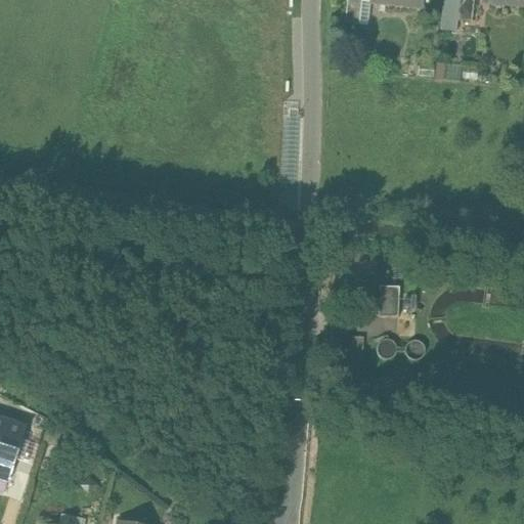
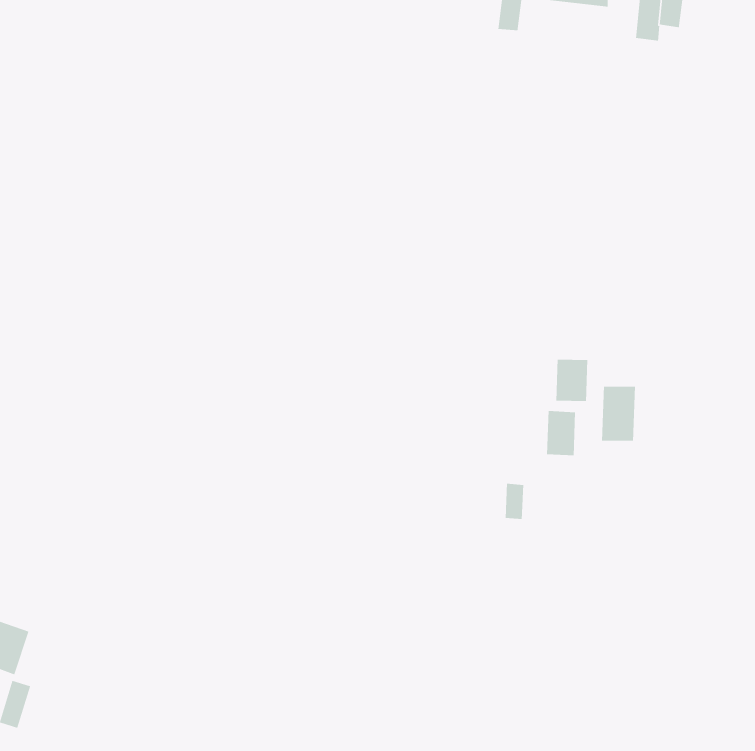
building: none -> [556,359,588,402]
building: none -> [601,386,636,441]

